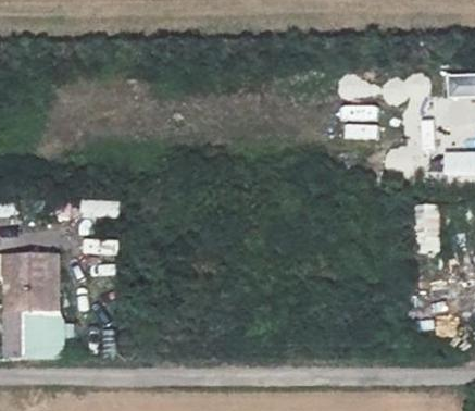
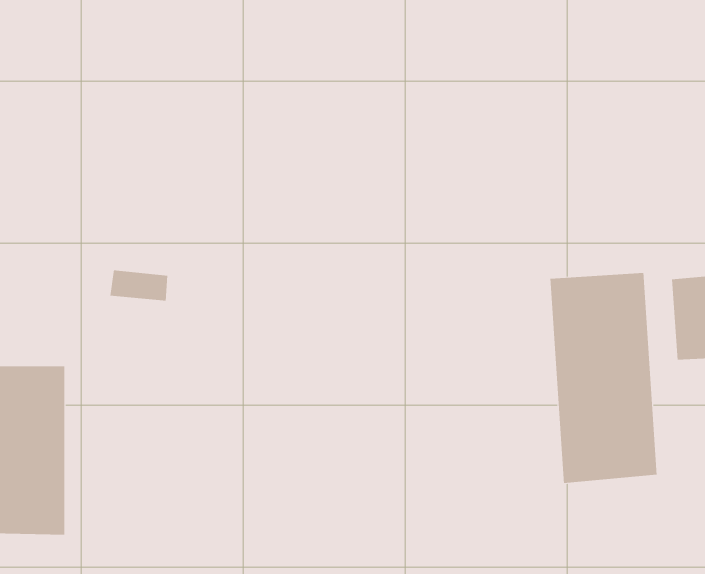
building: none -> [550,272,657,484]

